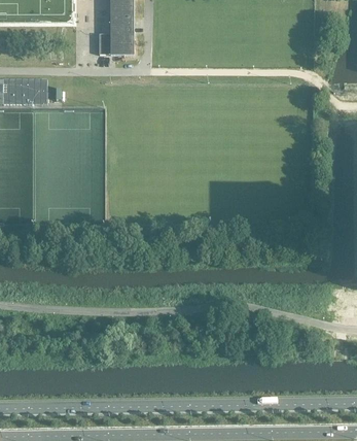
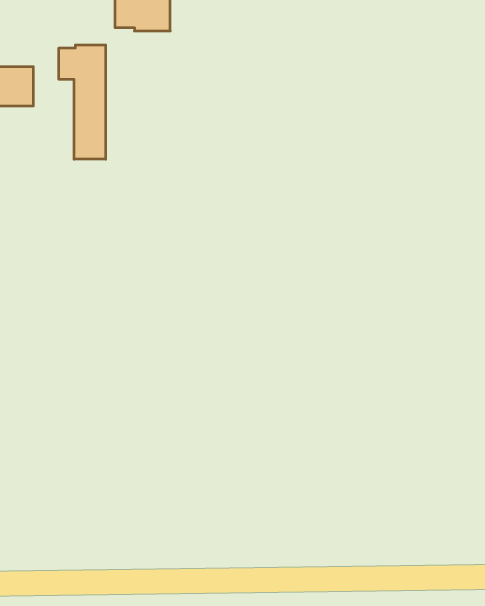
building: none -> [59,45,106,159]

